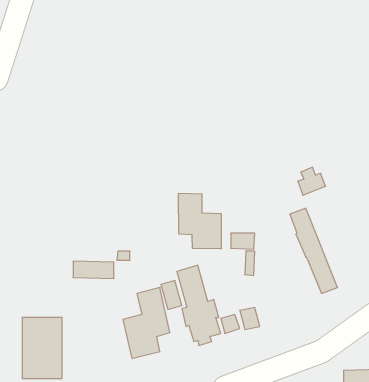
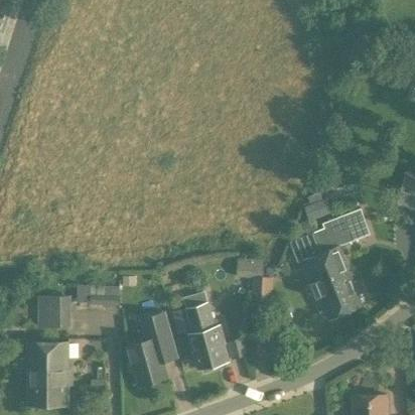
building: none -> [313,210,368,313]
building: [178,193,221,249] -> none
building: none -> [39,296,73,328]

